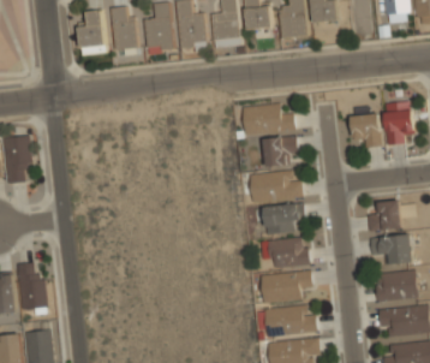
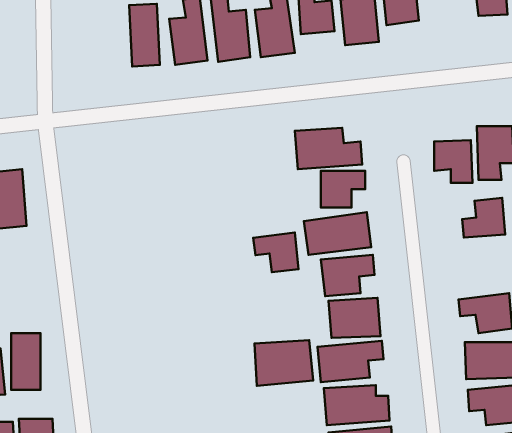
building: [78,10,104,54] -> none
building: none -> [253,233,298,272]
building: [368,200,401,231] -> [462,198,505,238]
building: none -> [254,340,313,386]

